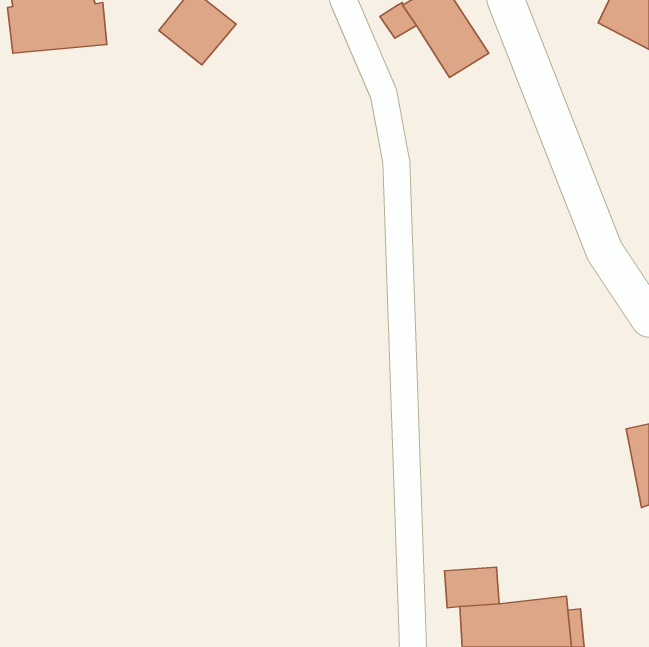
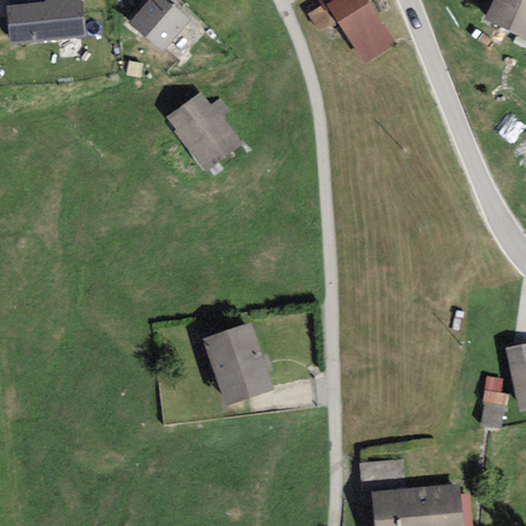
building: none -> [166,90,243,172]
building: none -> [202,322,274,406]
building: none -> [480,375,506,428]

